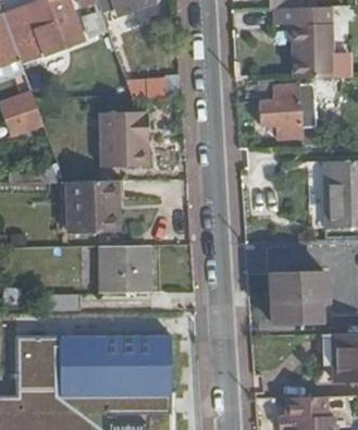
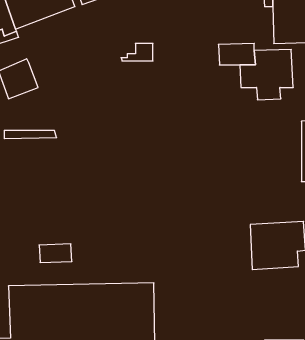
building: [98,112,149,167] -> none
building: [69,180,122,233] -> none
building: [100,244,149,292] -> none

